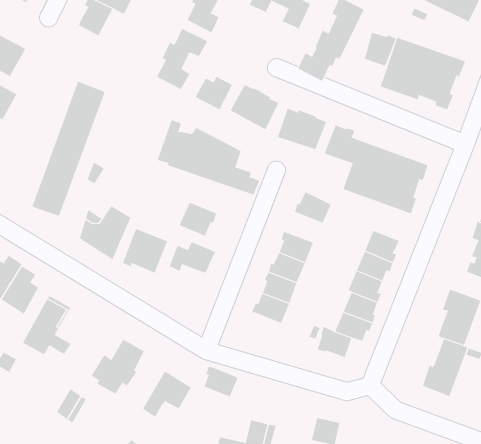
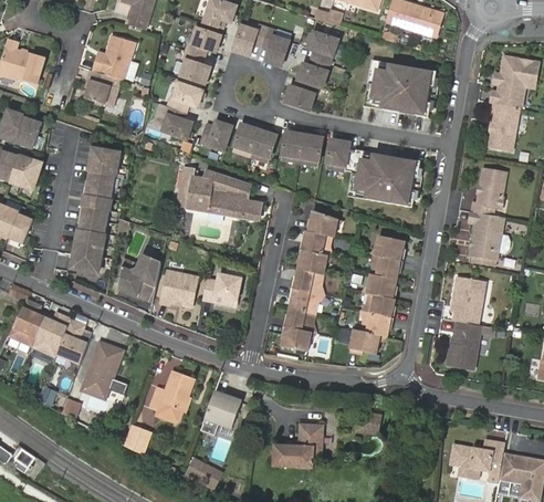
building: [364,32,396,67] -> none
building: [179,202,217,236] -> none
building: none -> [300,230,332,254]
building: [204,366,239,397] -> [282,326,312,351]

